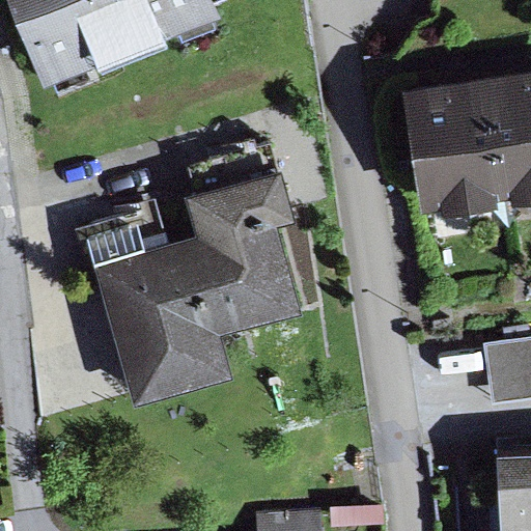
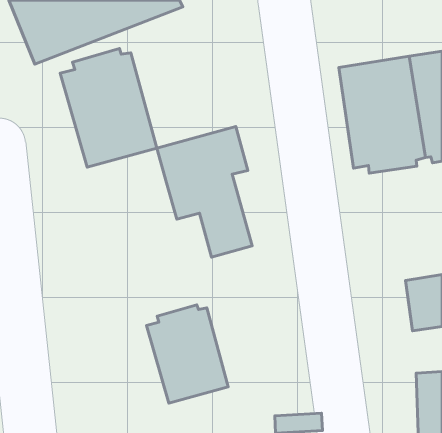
building: none -> [60,49,157,167]
building: [97,230,253,398] -> none
building: none -> [146,305,228,403]

